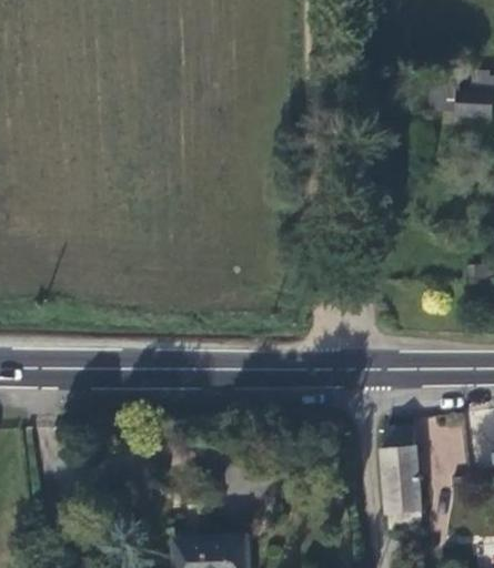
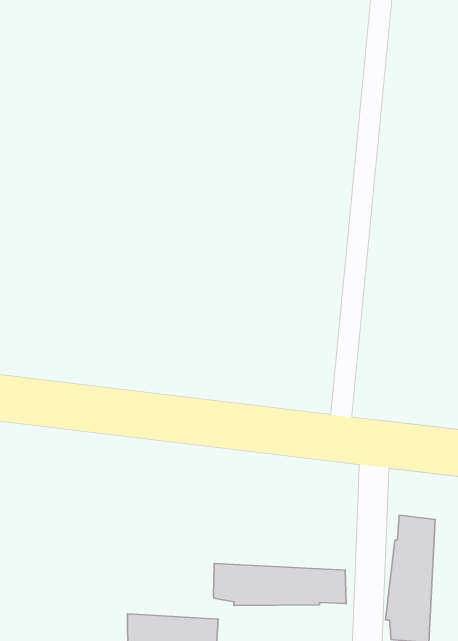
building: none -> [214,563,346,605]

